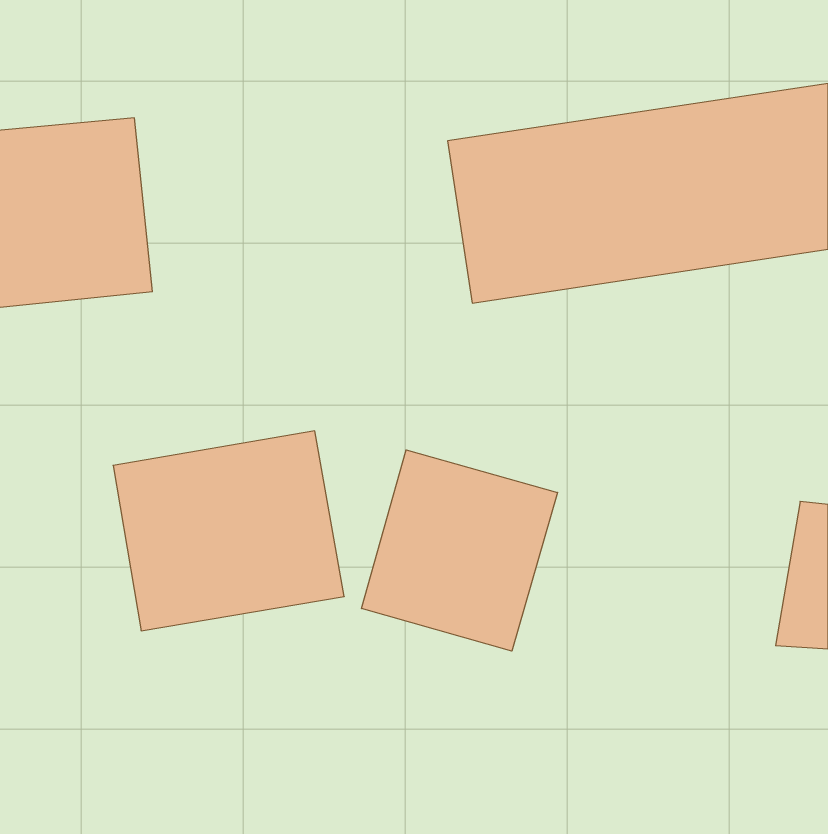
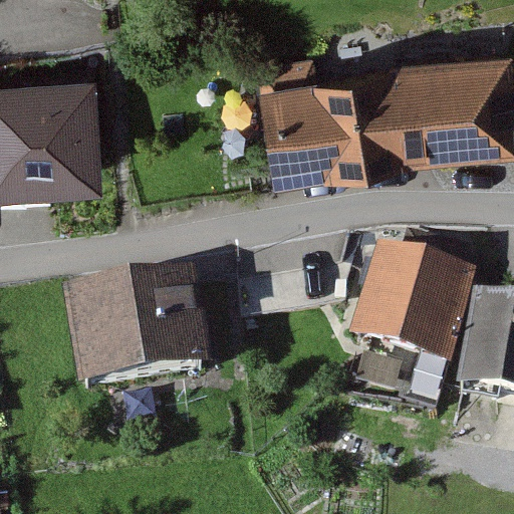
building: none -> [359,249,486,372]
building: [362,450,558,651] -> none

